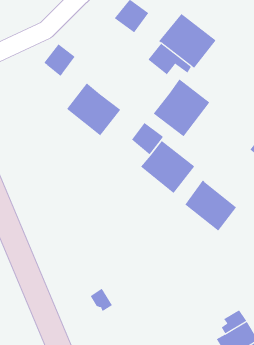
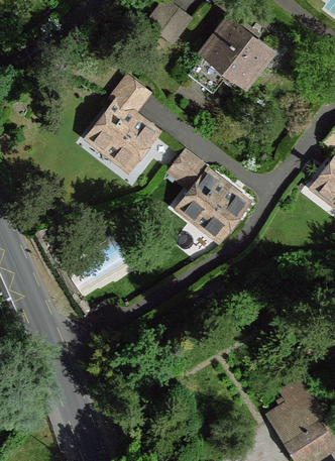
building: [43,44,75,77] -> [109,77,148,117]
building: [153,79,210,137] -> none
building: [184,180,237,232] -> none

